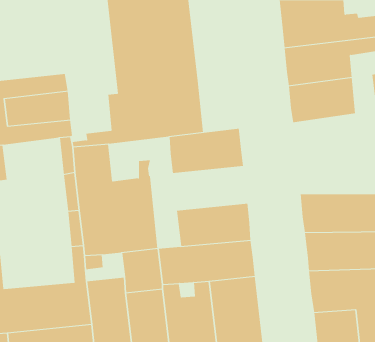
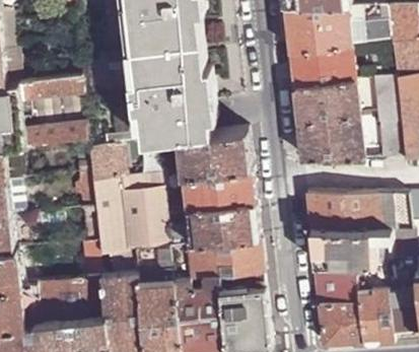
building: none -> [299,112,364,156]
building: none -> [184,162,257,205]

